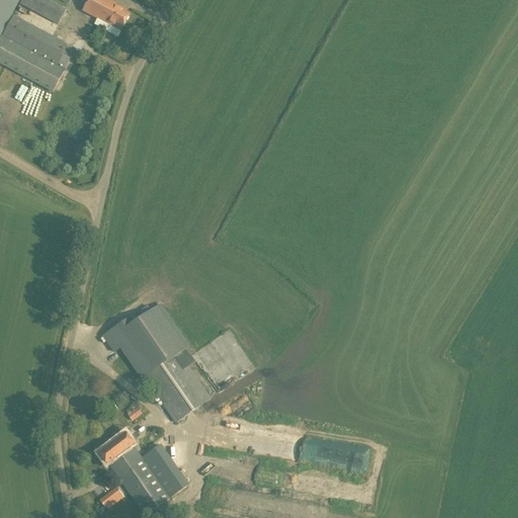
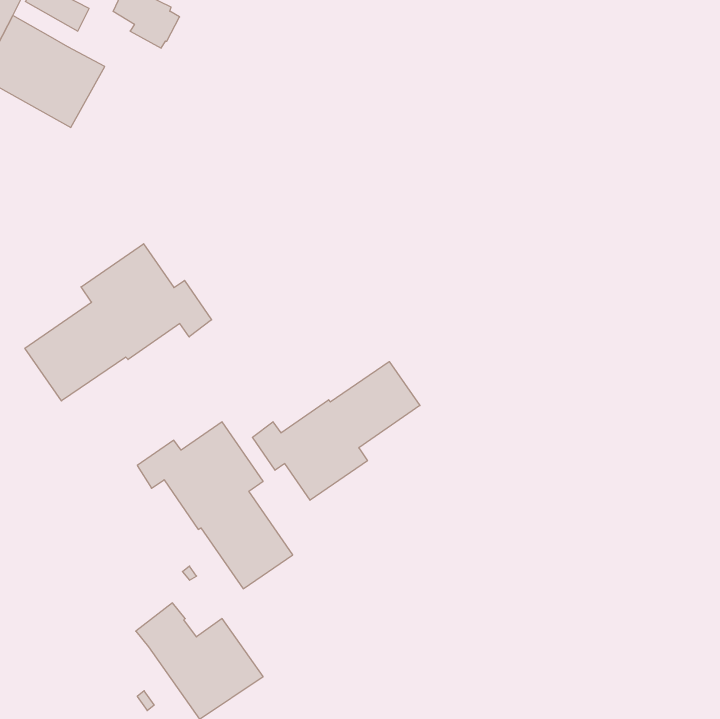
building: none -> [25,244,212,401]
building: none -> [252,362,420,500]

